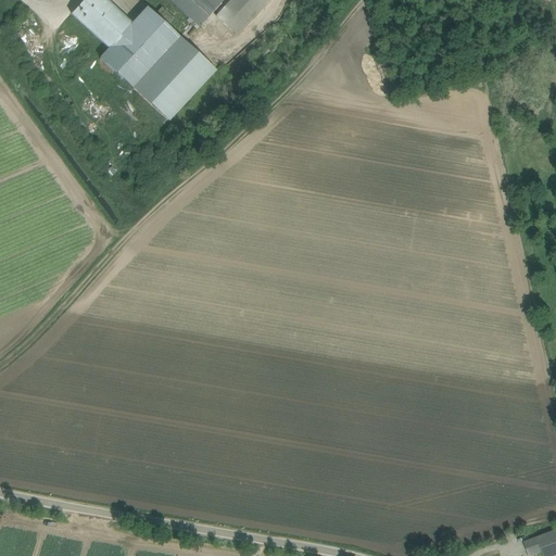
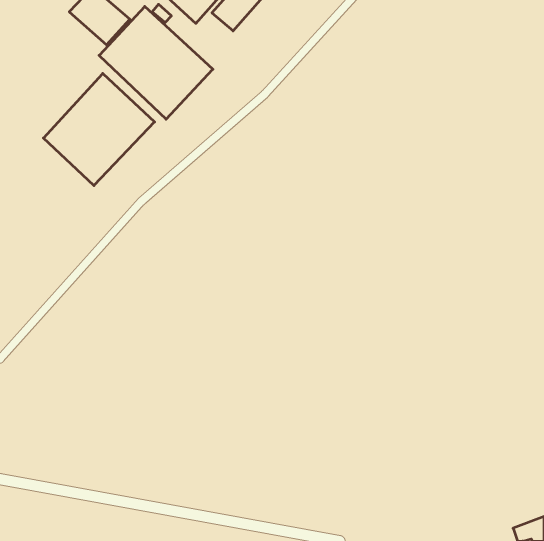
building: none -> [43,73,155,186]

